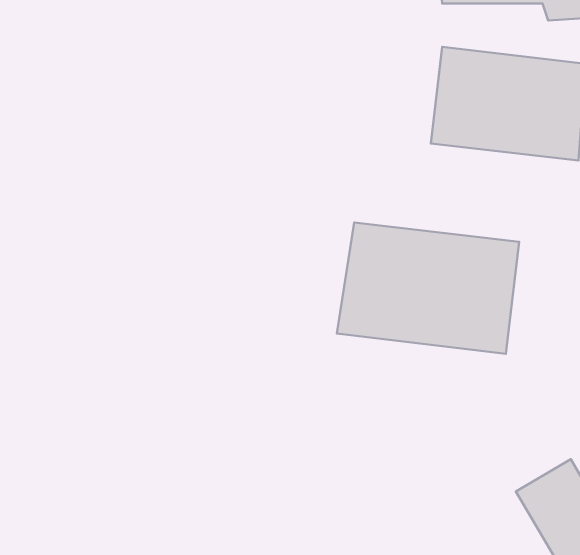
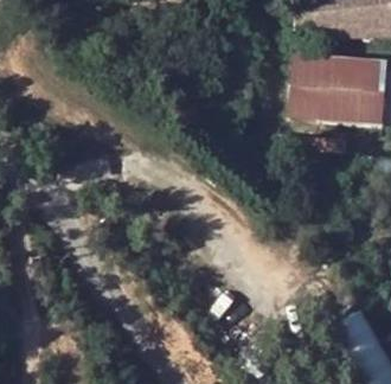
building: [337,223,519,354] -> none

